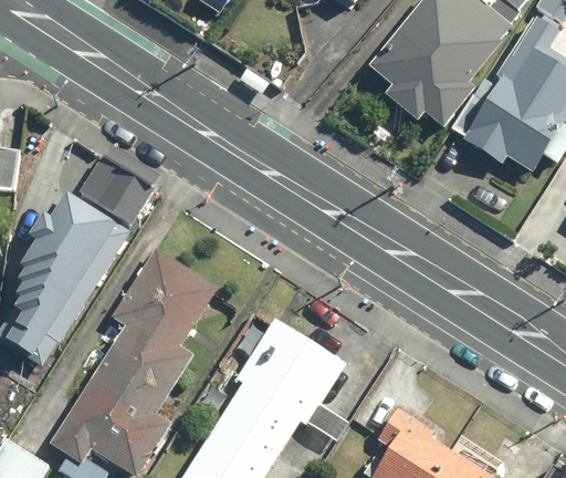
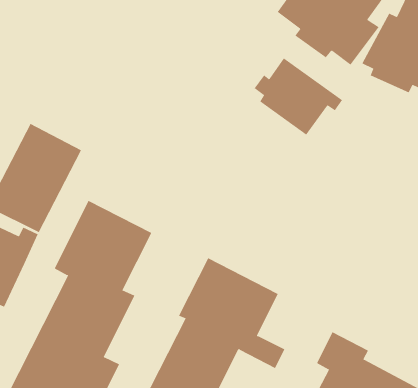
building: none -> [254,58,343,136]

